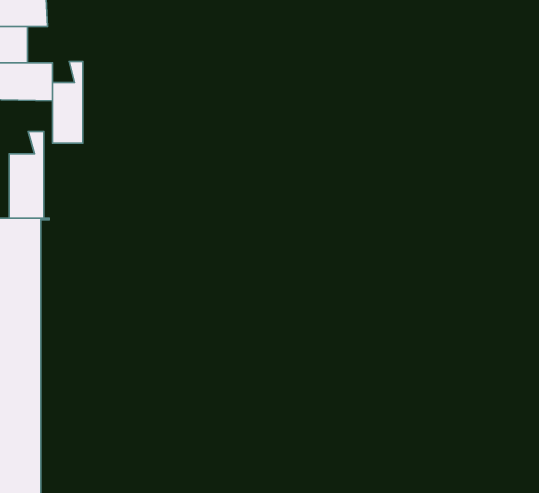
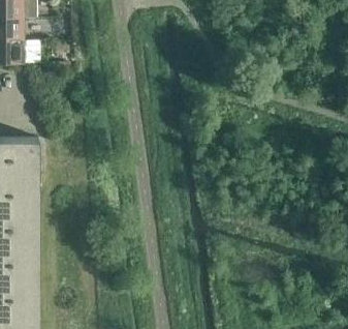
building: [52,61,83,143] -> none
building: [9,131,44,218] -> none

